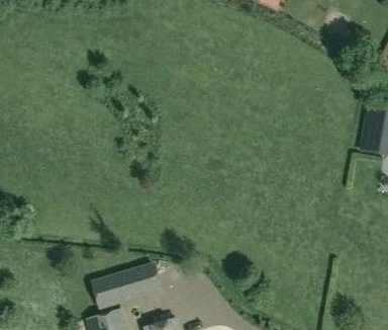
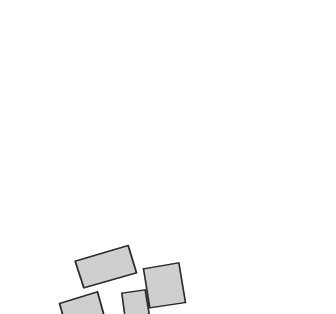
building: none -> [143,263,186,308]

